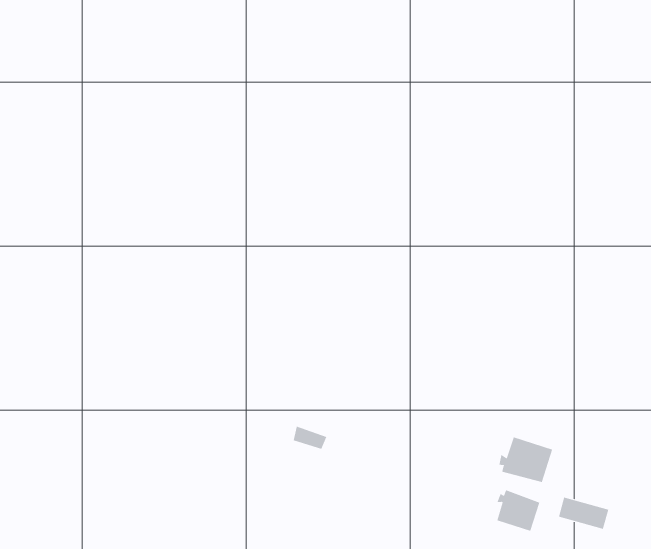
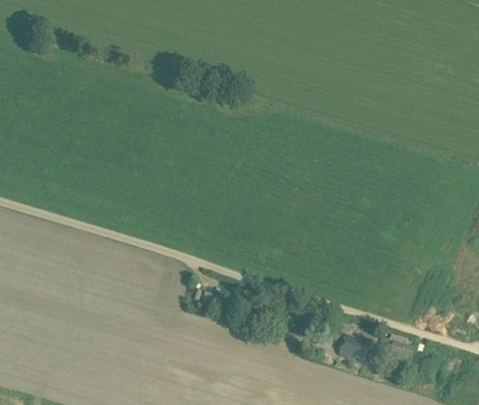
building: [499,437,553,483] -> none

